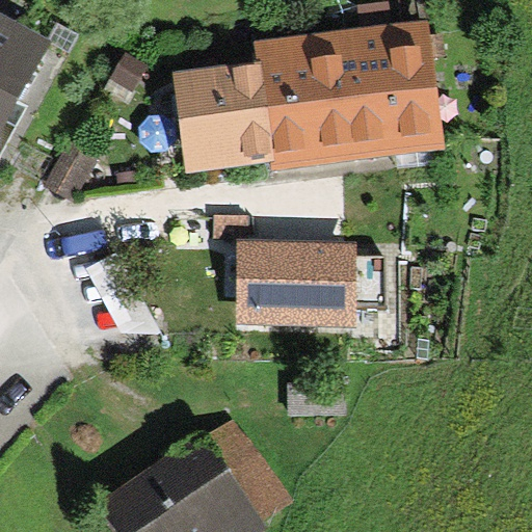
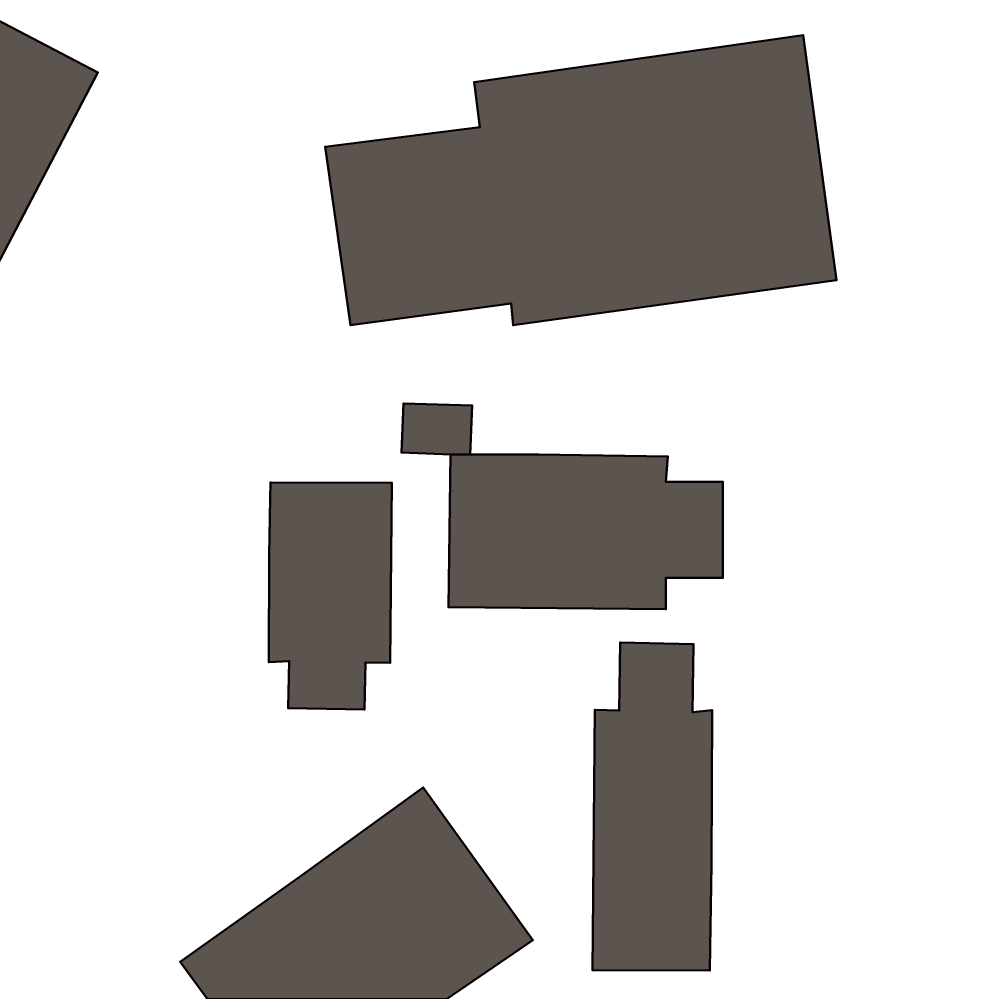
building: none -> [269,482,392,709]
building: none -> [593,642,712,970]

